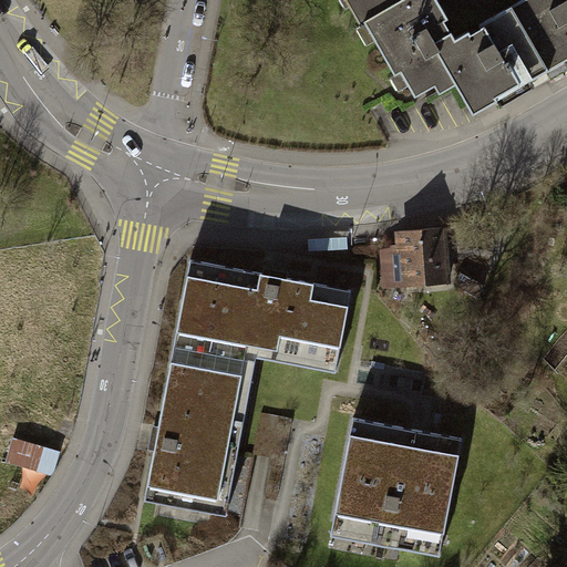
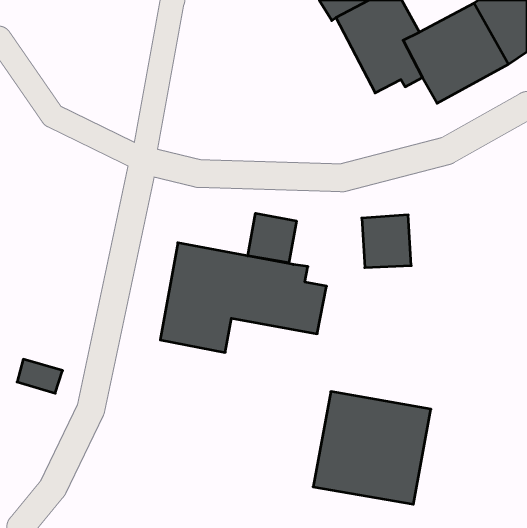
building: none -> [248,213,296,263]
building: [146,364,241,511] -> none
building: [6,436,54,473] -> [17,359,63,393]

